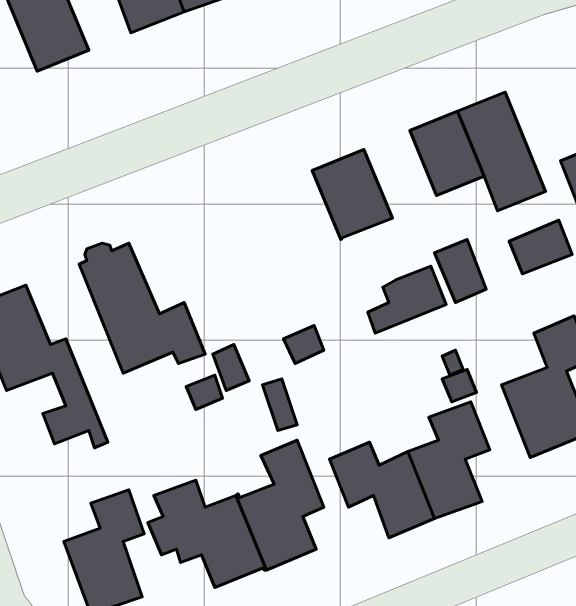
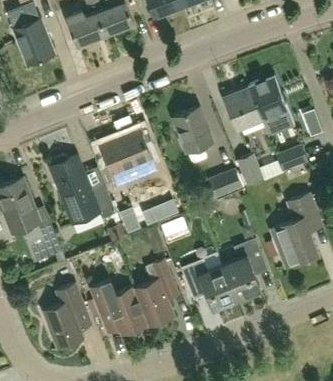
building: none -> [97,131,152,187]

